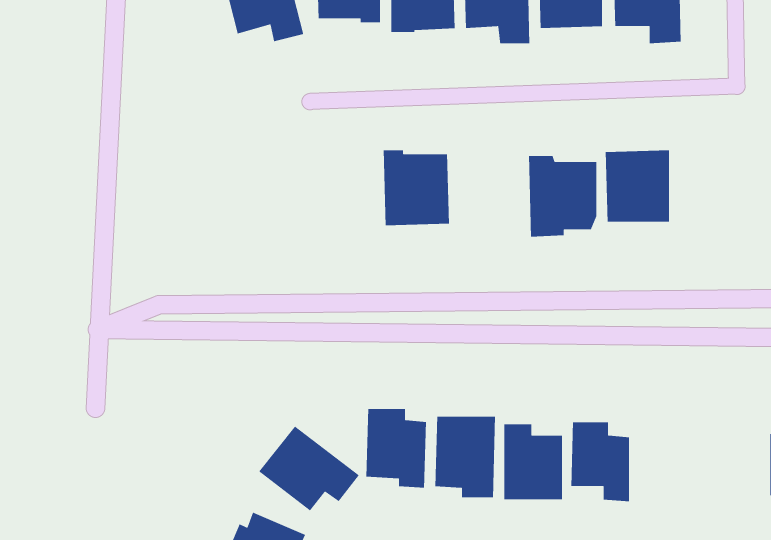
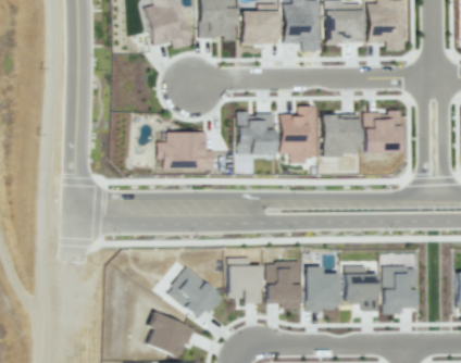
building: none -> [281,104,319,164]
building: none -> [159,130,217,171]
building: none -> [384,266,418,312]

